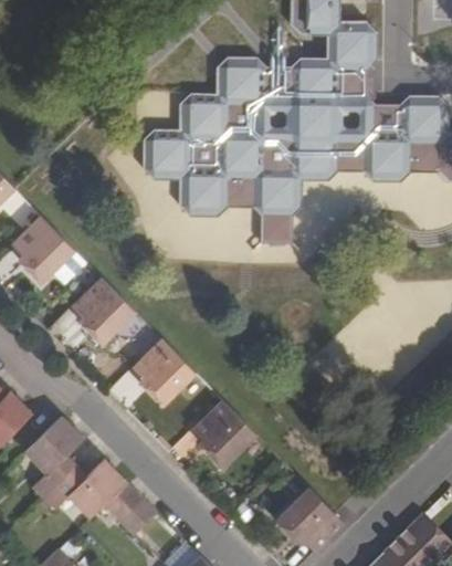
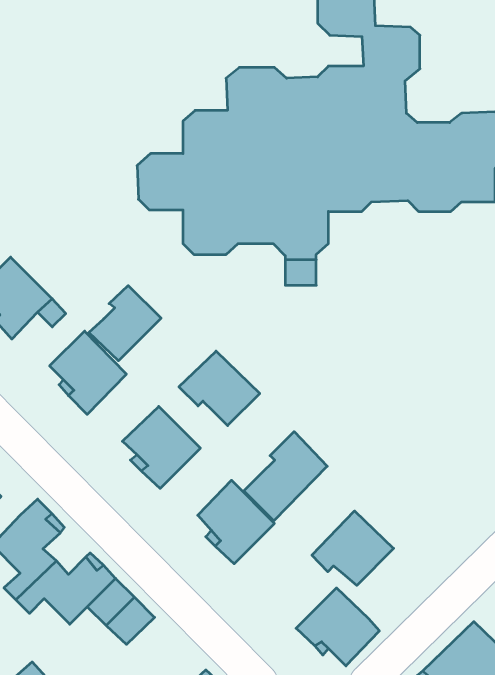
building: none -> [89,286,161,361]
building: none -> [179,351,260,426]
building: none -> [244,432,327,521]
building: none -> [312,511,394,585]

